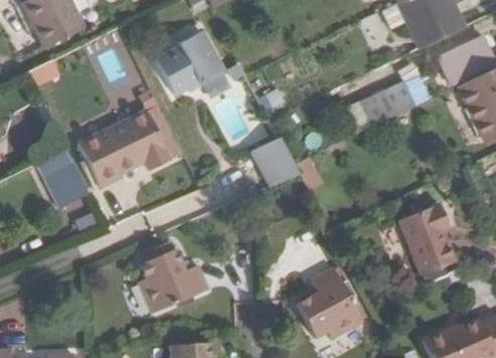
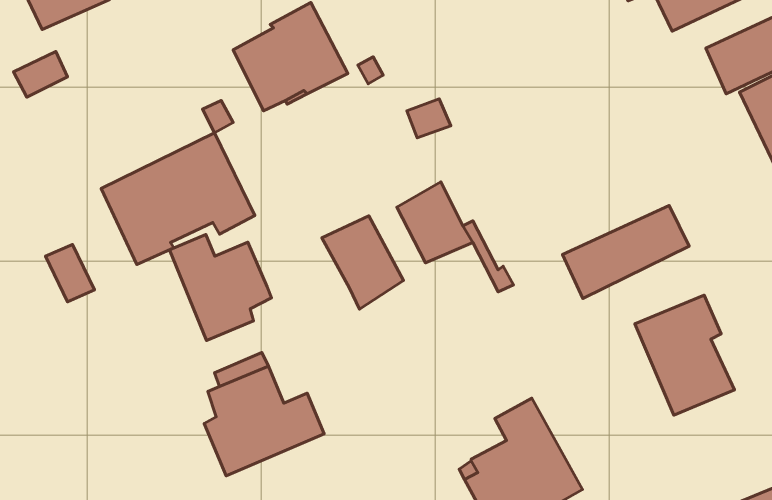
building: [339,81,415,137] -> [563,205,689,298]
building: none -> [322,216,404,309]
building: [41,160,89,202] -> none
building: none -> [170,234,272,341]

